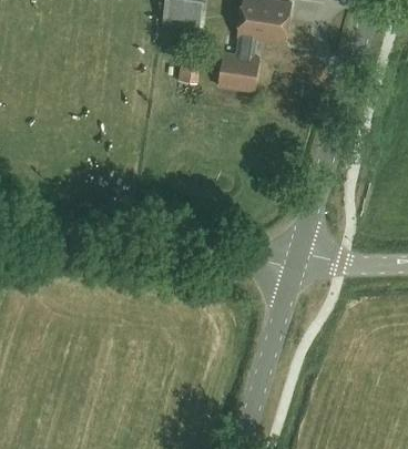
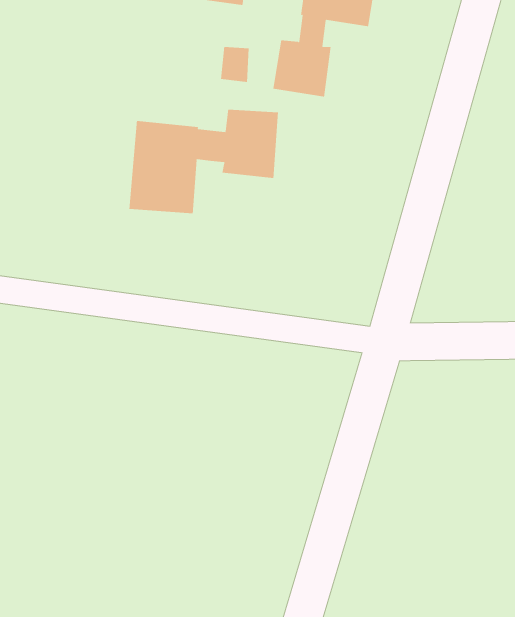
building: none -> [129,109,279,214]

